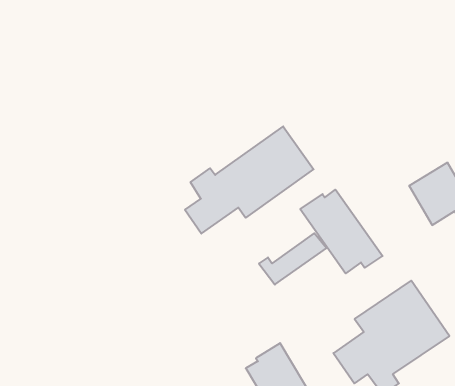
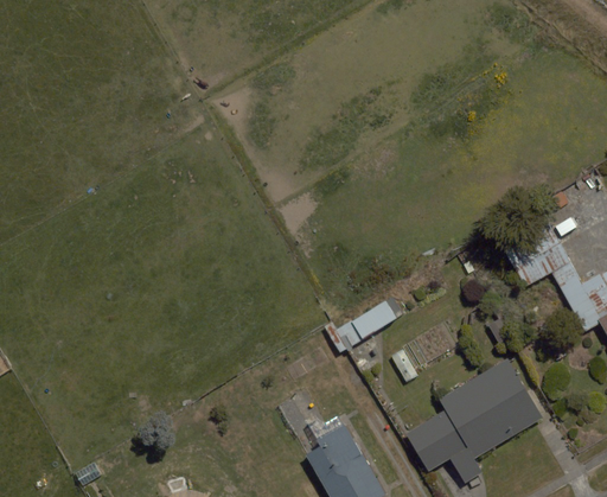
building: [185,126,314,234] -> none
building: [300,190,383,273] -> none

